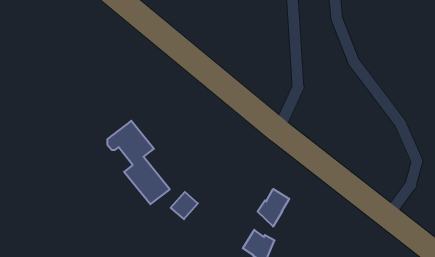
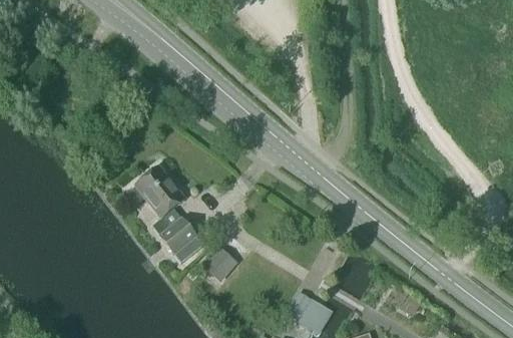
building: [258,189,289,227] -> none

